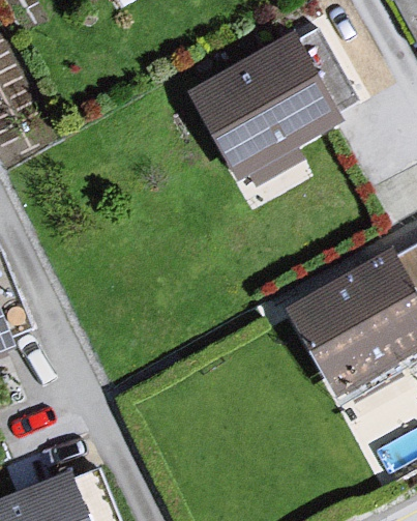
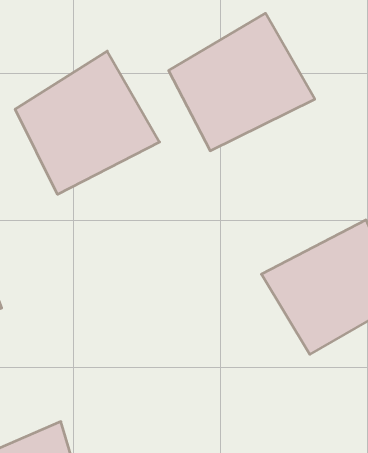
building: none -> [15,51,160,194]

